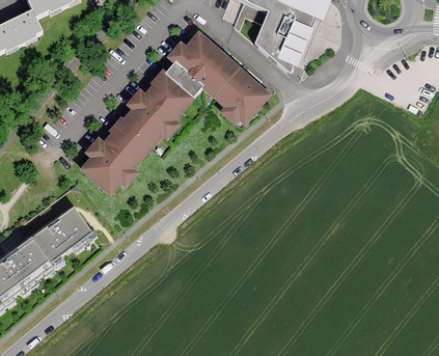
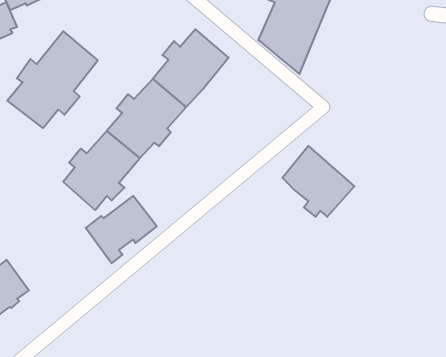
building: none -> [7,31,98,128]
building: [205,57,269,119] -> [282,146,355,217]
building: [33,207,95,266] -> [86,196,157,263]

